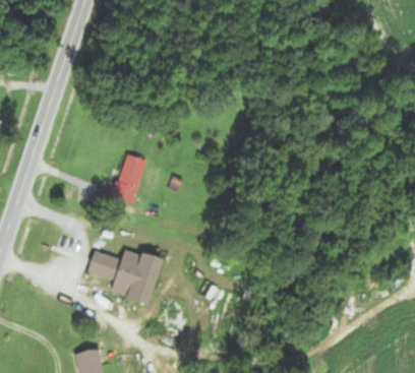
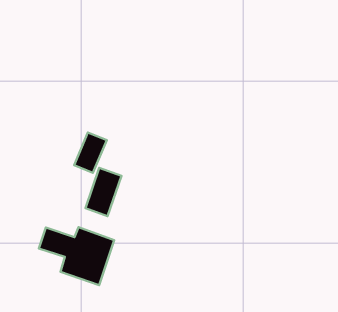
building: none -> [85,168,121,216]

